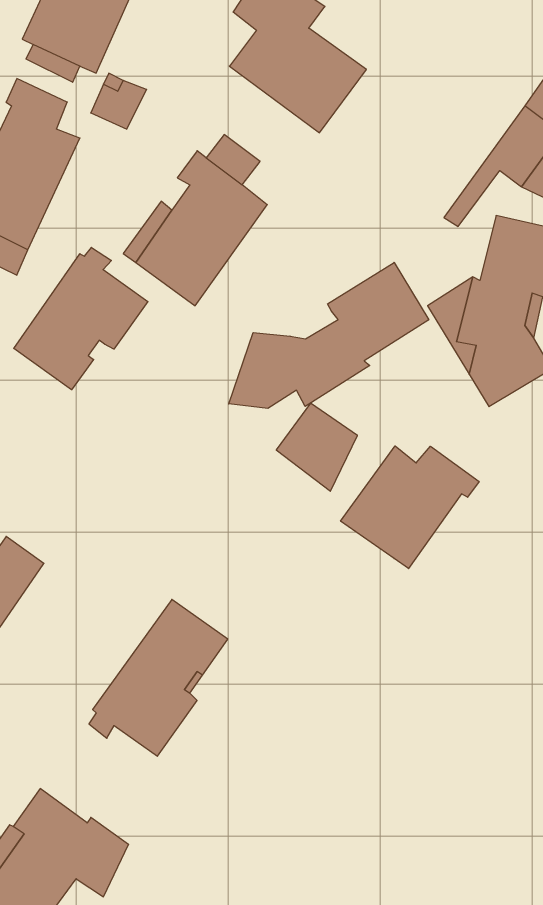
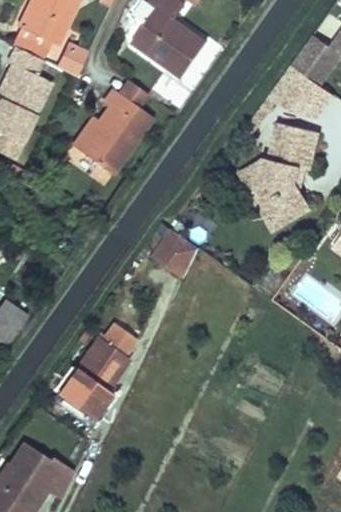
building: [14,247,148,390] -> none
building: [229,262,429,408] -> none
building: [341,446,479,569] -> none

